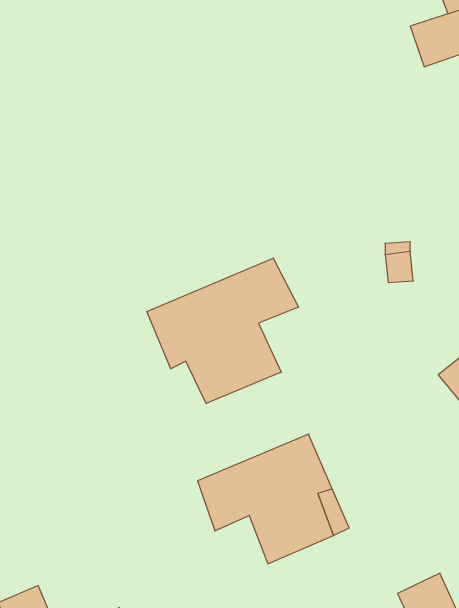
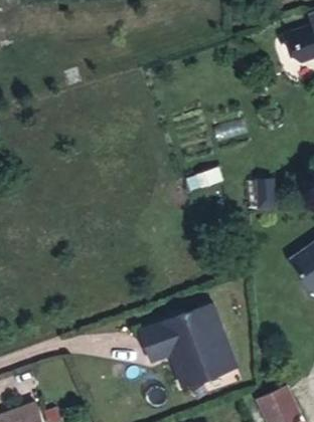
building: [147,258,299,404] -> none

